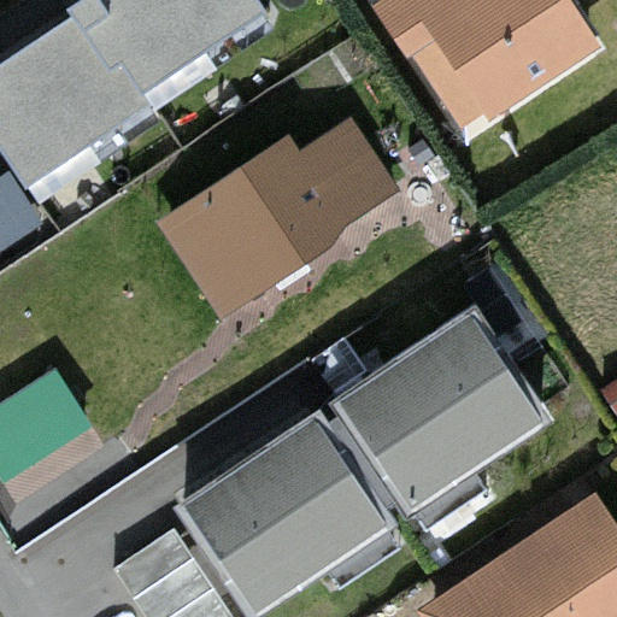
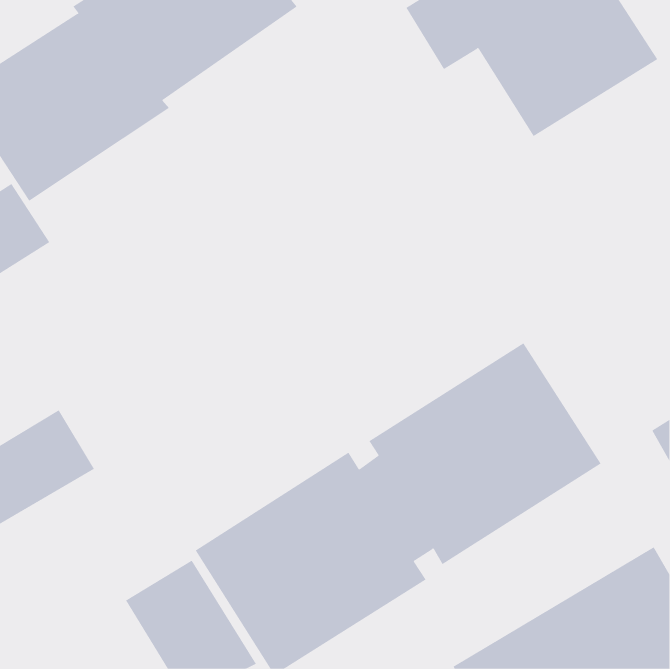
building: [154,124,396,317] -> none

